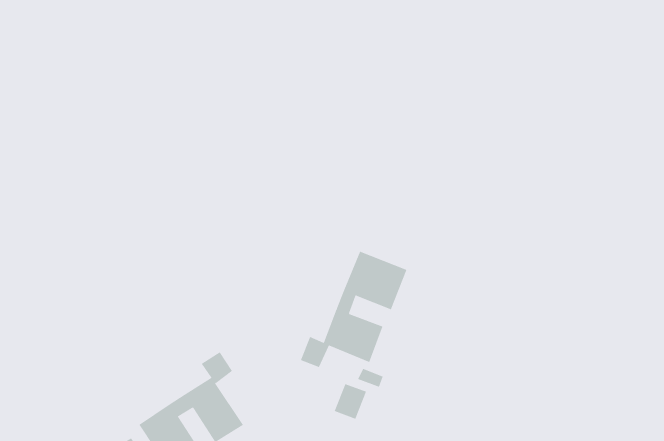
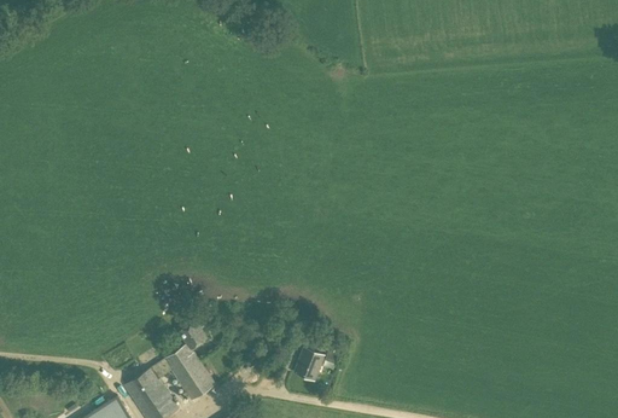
building: [300,251,407,368] -> none

